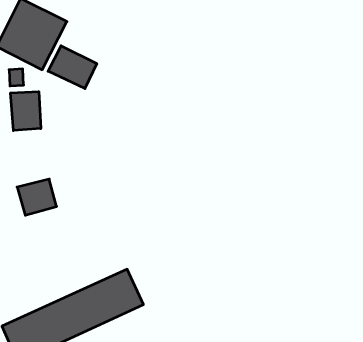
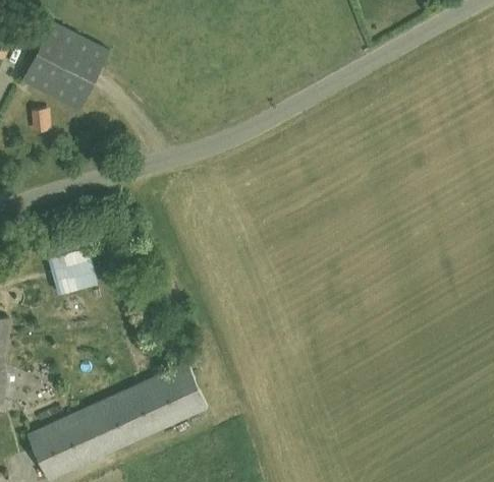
building: [48,46,97,89] -> none
building: [11,92,41,131] -> none

